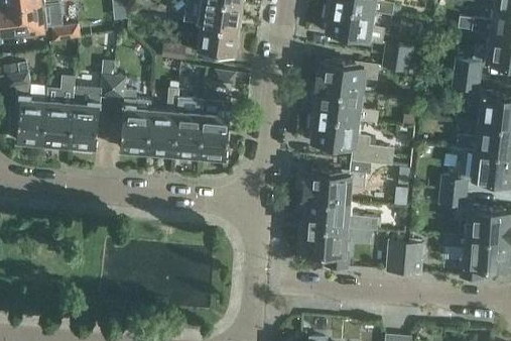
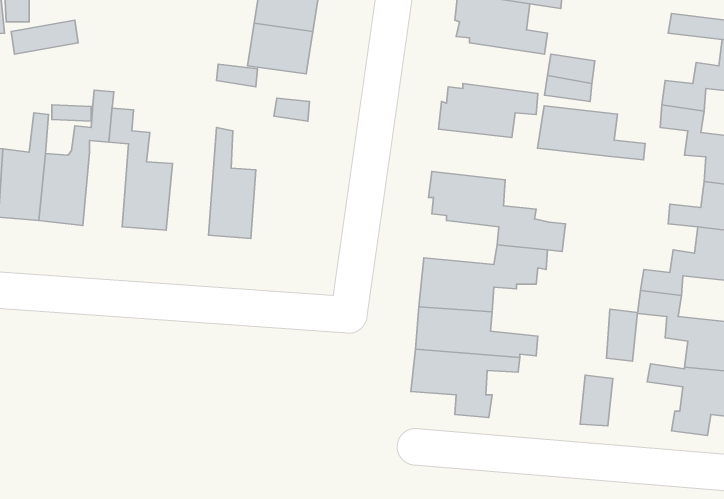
building: [147,88,178,155] -> none
building: [311,90,378,123] -> [538,106,645,160]
building: [200,96,232,159] -> none
building: [387,240,406,272] -> [606,309,637,361]

